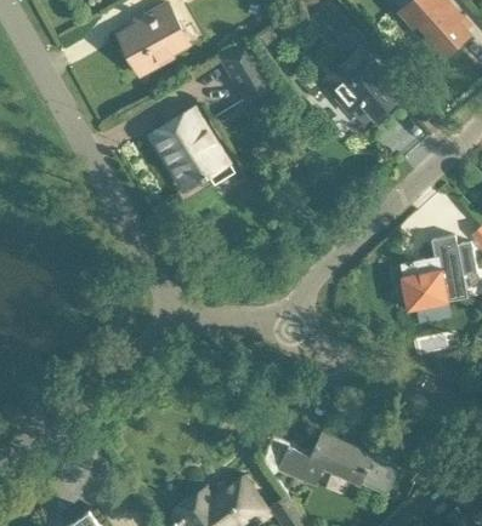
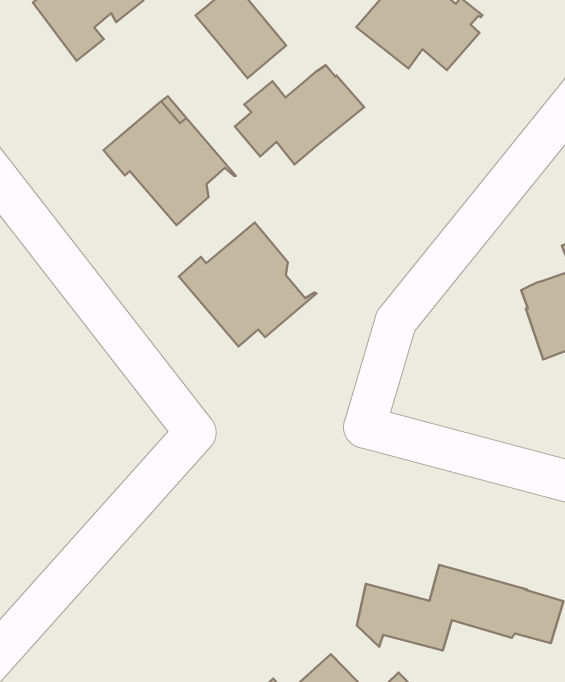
building: none -> [235,65,364,164]
building: none -> [179,222,316,346]

